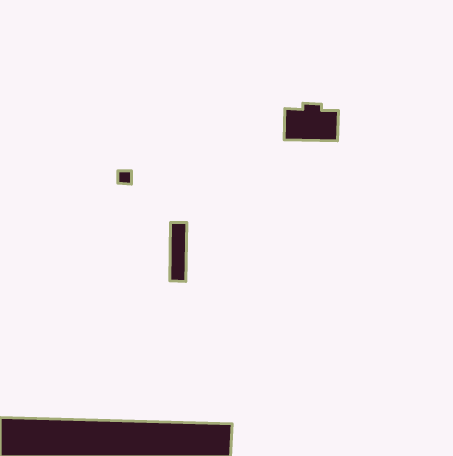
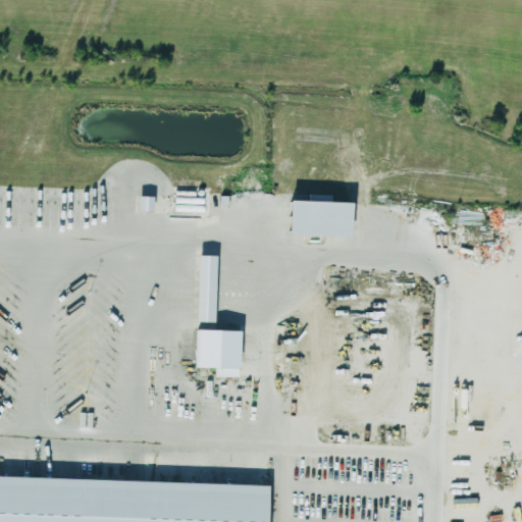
building: [284,103,339,141] -> [290,194,352,237]
building: none -> [198,329,242,376]

